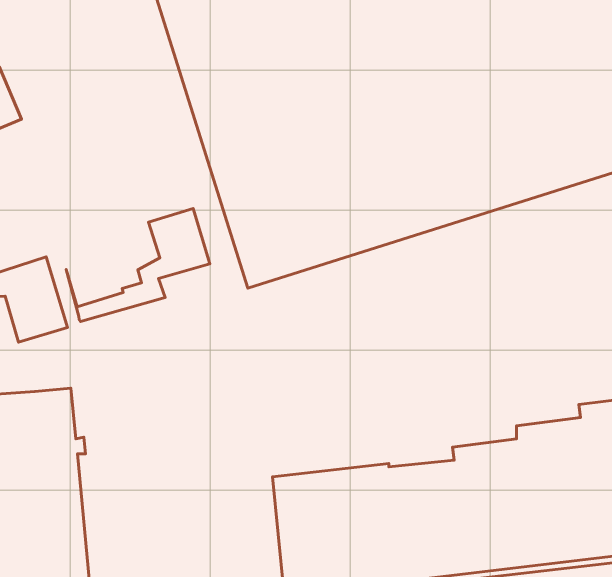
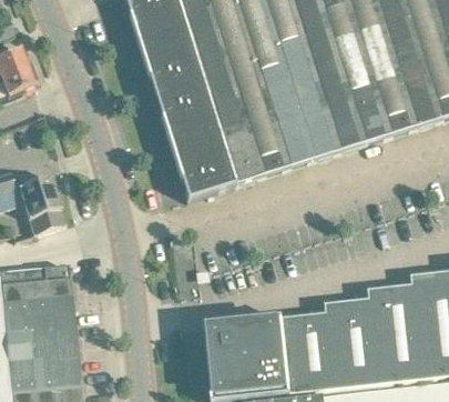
building: [66,209,210,322] -> none

